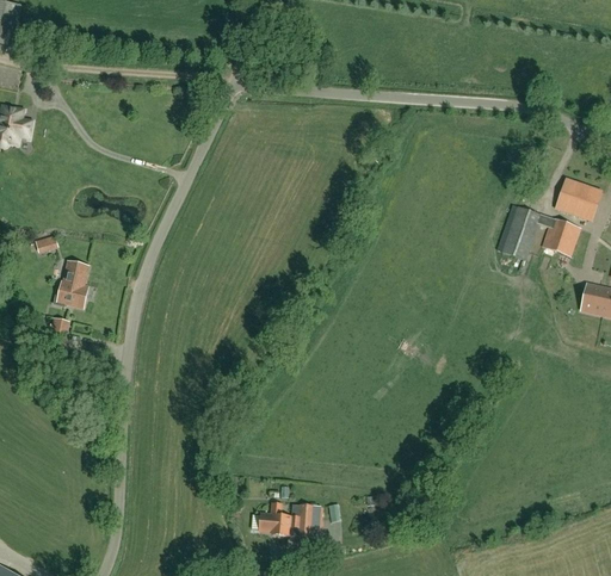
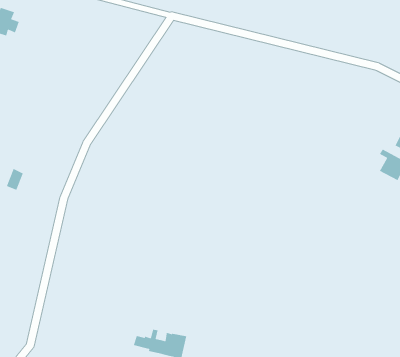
building: [501,205,542,259] -> none
building: [53,262,87,308] -> none

